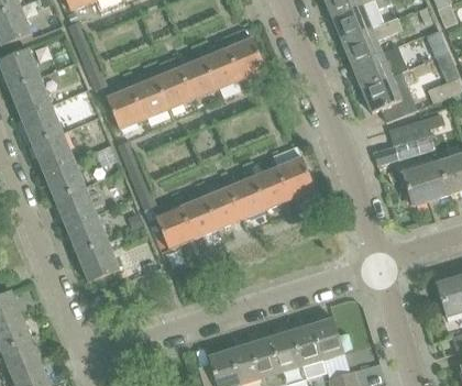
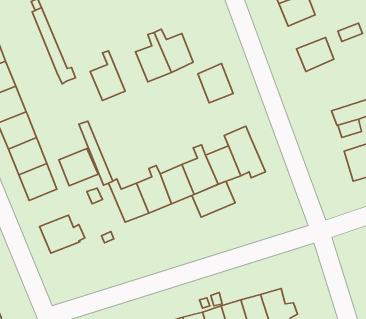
building: [341,18,400,64] -> none
building: [228,36,265,78] -> [198,64,233,103]
building: [150,63,191,109] -> none
building: [360,71,416,121] -> none
building: [106,88,143,130] -> none
building: none -> [192,181,235,217]
building: [65,213,107,253] -> [59,149,98,186]

